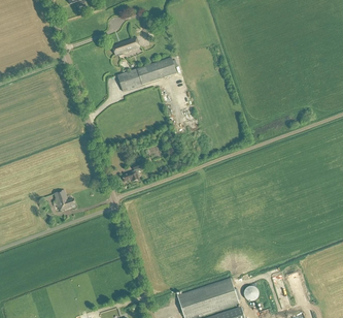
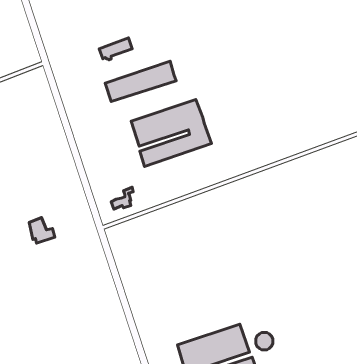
building: none -> [131,100,211,167]

